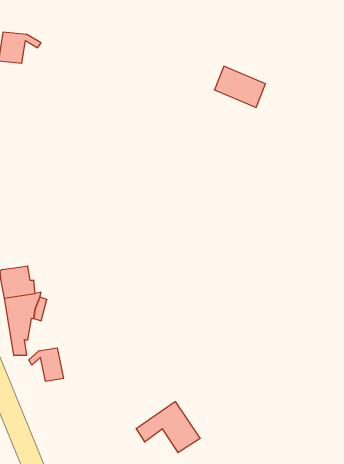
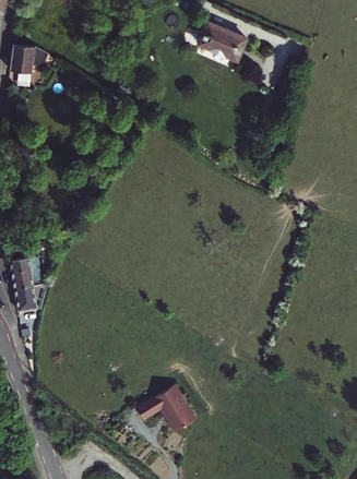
building: [214,66,266,108] -> [197,22,243,60]
building: [29,348,64,381] -> none

